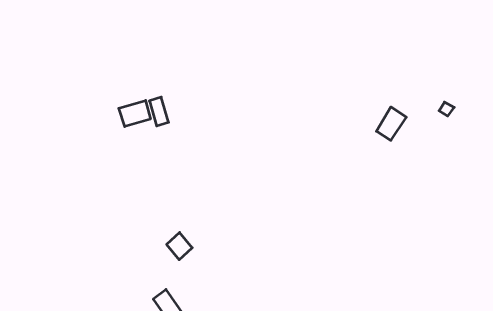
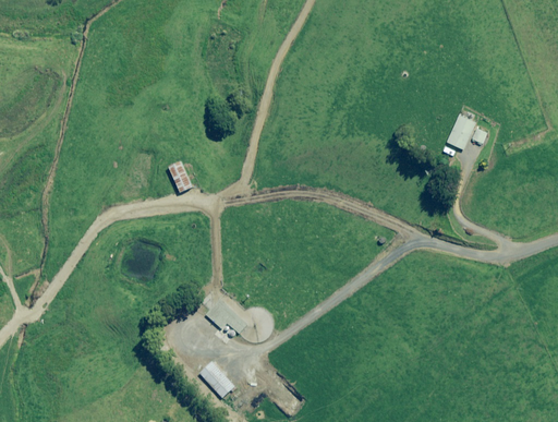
building: [119,100,150,127] -> none
building: [376,107,406,140] -> [447,114,476,149]

